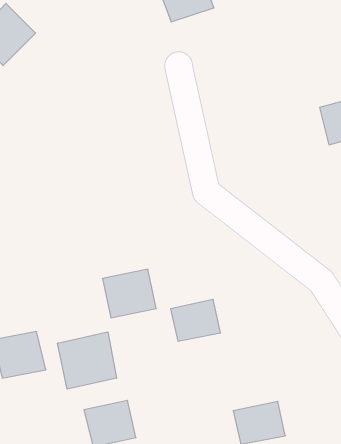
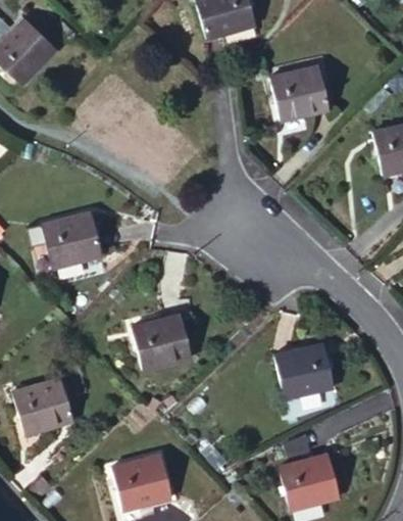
building: none -> [271,69,329,122]
building: none -> [50,210,109,260]
building: [171,299,221,341] -> [274,352,330,398]
building: [58,332,116,389] -> none

